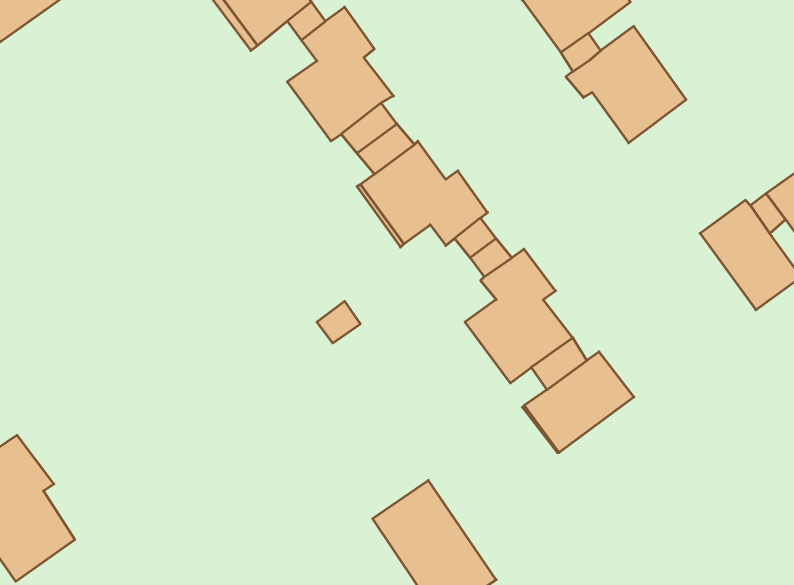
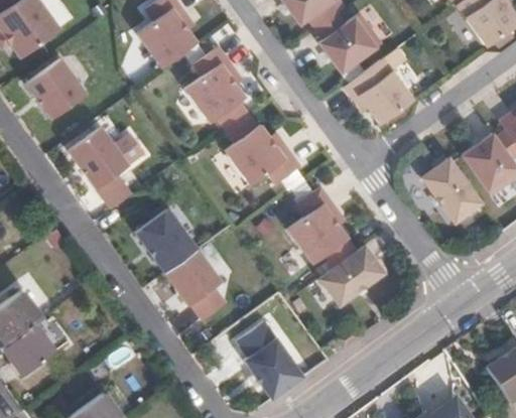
building: none -> [23,57,90,123]
building: none -> [68,130,147,212]
building: none -> [136,211,228,324]

